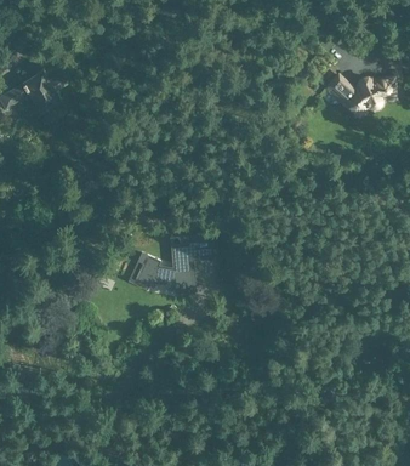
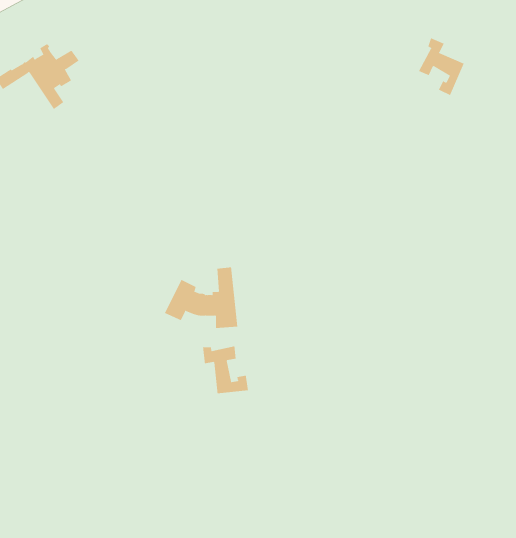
building: none -> [203,346,248,394]

